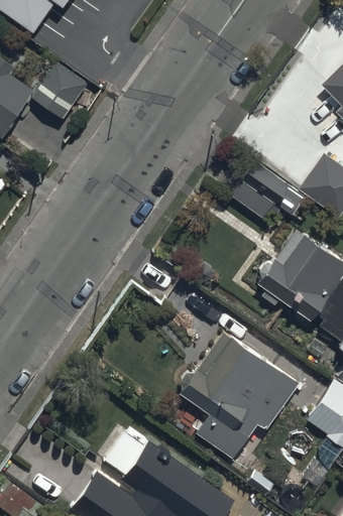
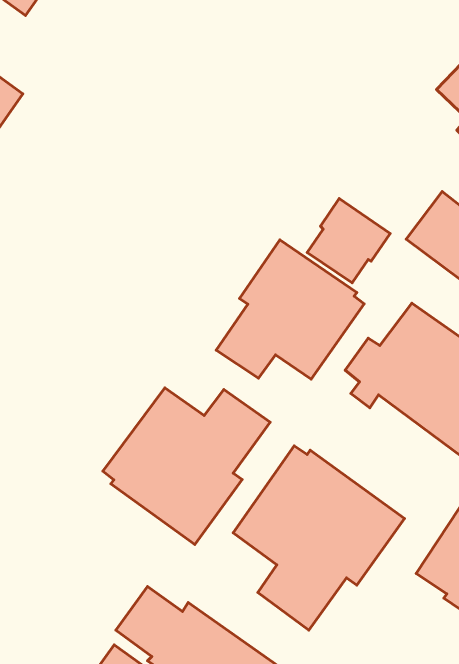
building: [31,61,89,121] -> none
building: none -> [216,240,364,379]
building: none -> [103,388,270,545]

